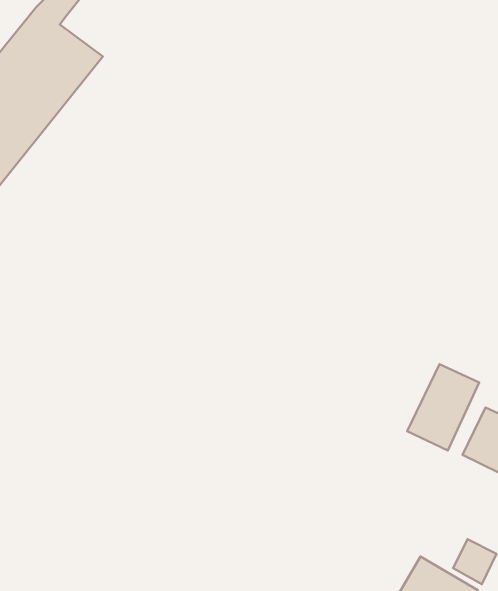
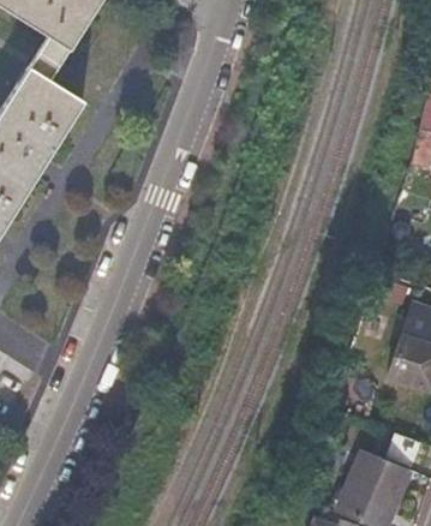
building: [407,364,479,451] -> none

